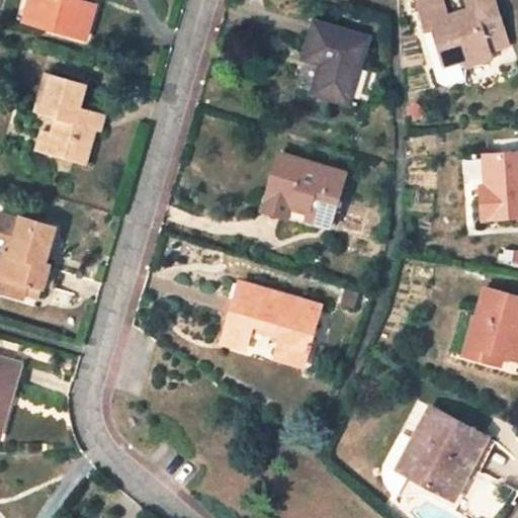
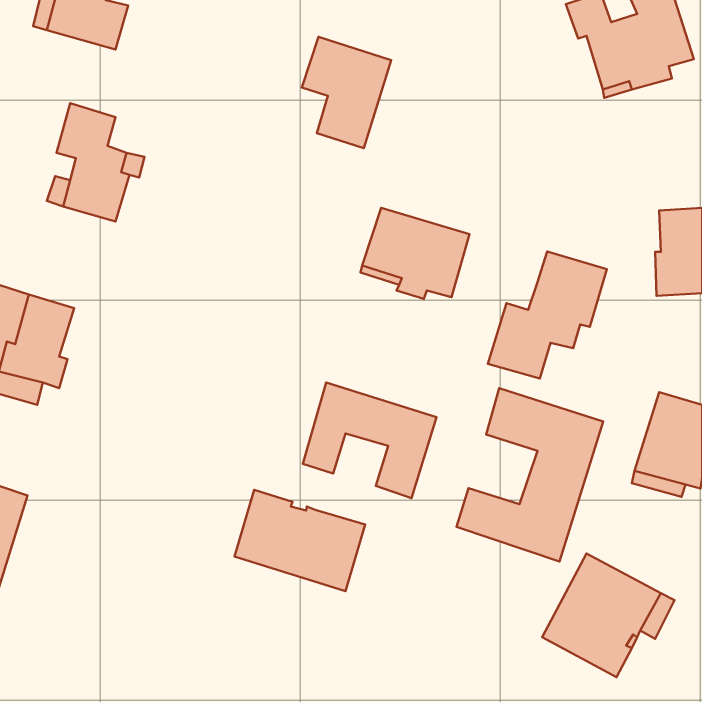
building: [301,20,367,102] -> [302,37,391,148]
building: none -> [488,252,607,378]
building: none -> [457,388,603,561]
building: none -> [234,490,365,591]

